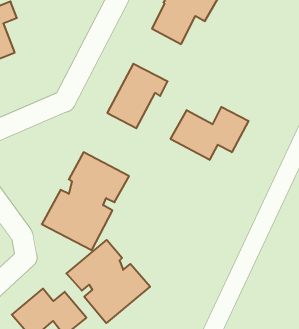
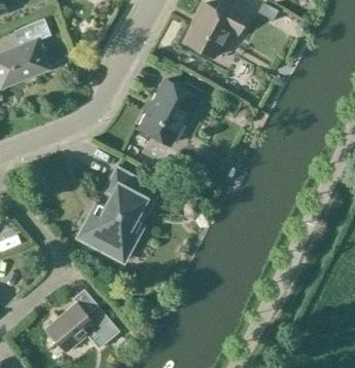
building: [171,107,249,160] -> none
building: [66,240,150,323] -> none

